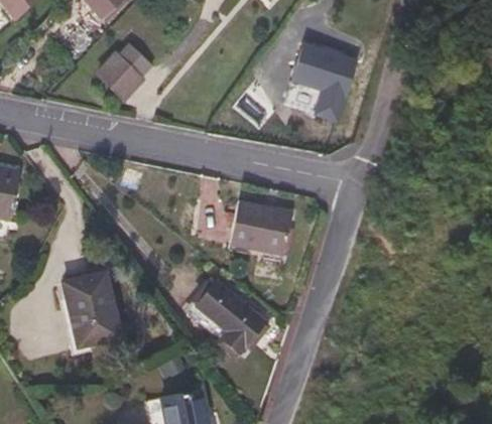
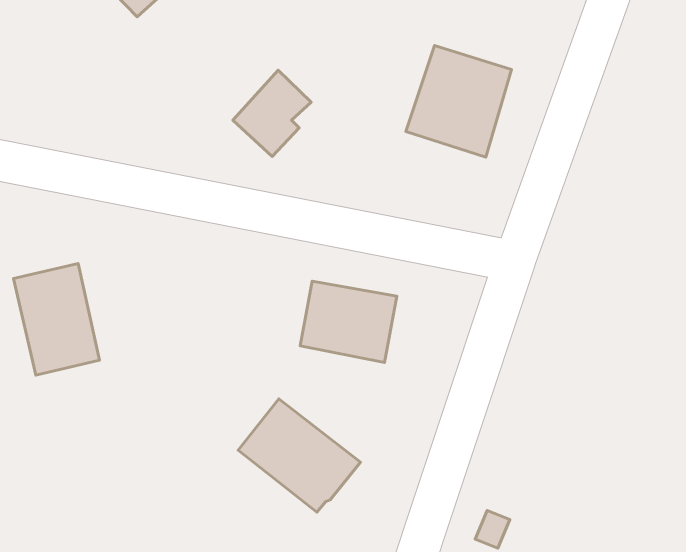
building: [108,43,160,101] -> [233,70,311,156]
building: [59,271,117,345] -> [13,263,99,375]

